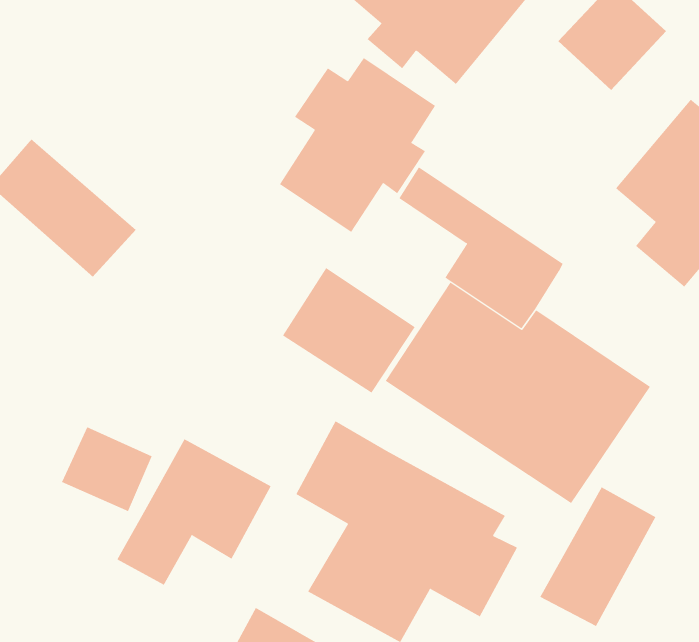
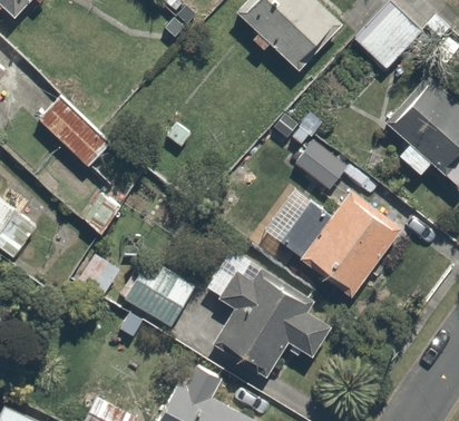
building: [279,57,436,233] -> none
building: [282,267,416,394] -> none
building: [540,486,656,627] -> none

